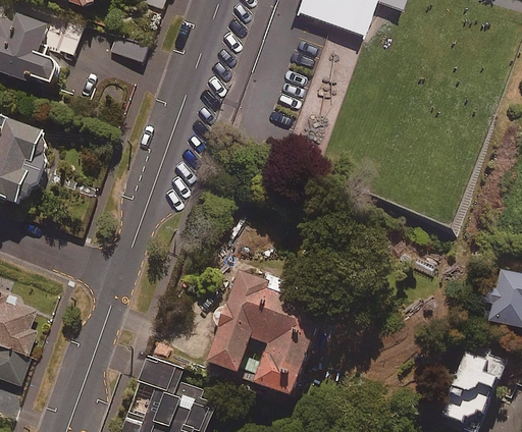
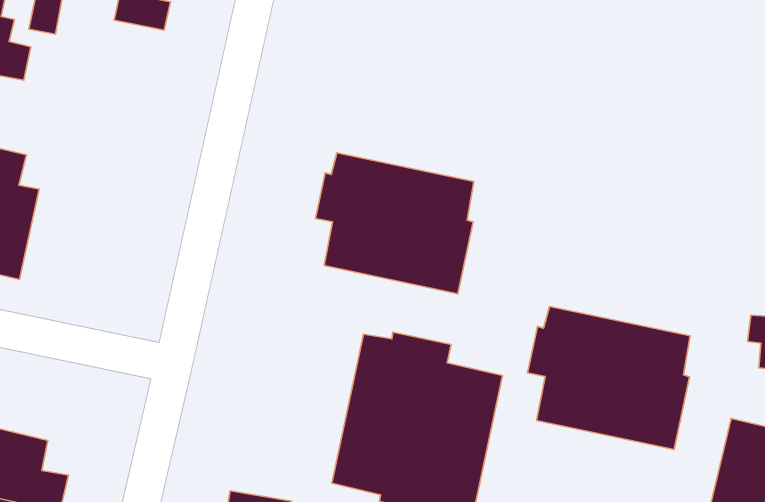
building: none -> [315,153,474,294]
building: none -> [528,306,690,450]

